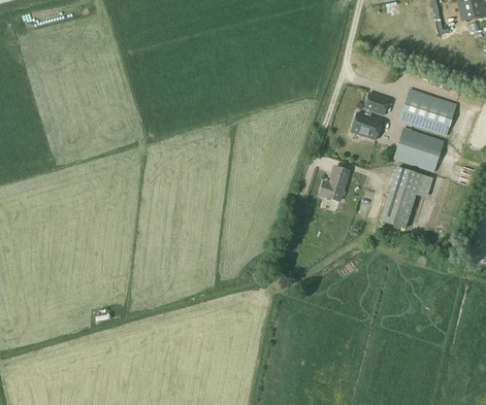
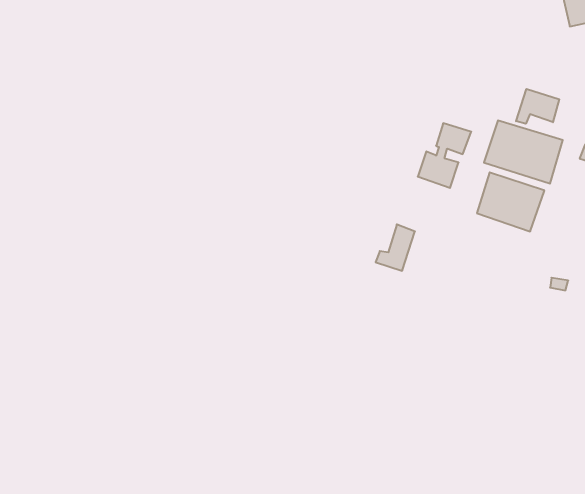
building: none -> [516,89,559,124]
building: [381,167,431,228] -> none

